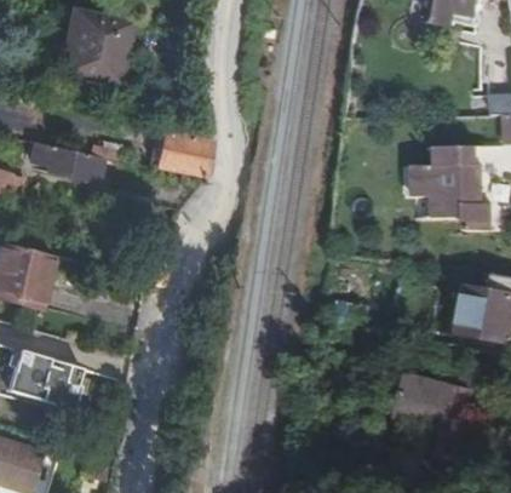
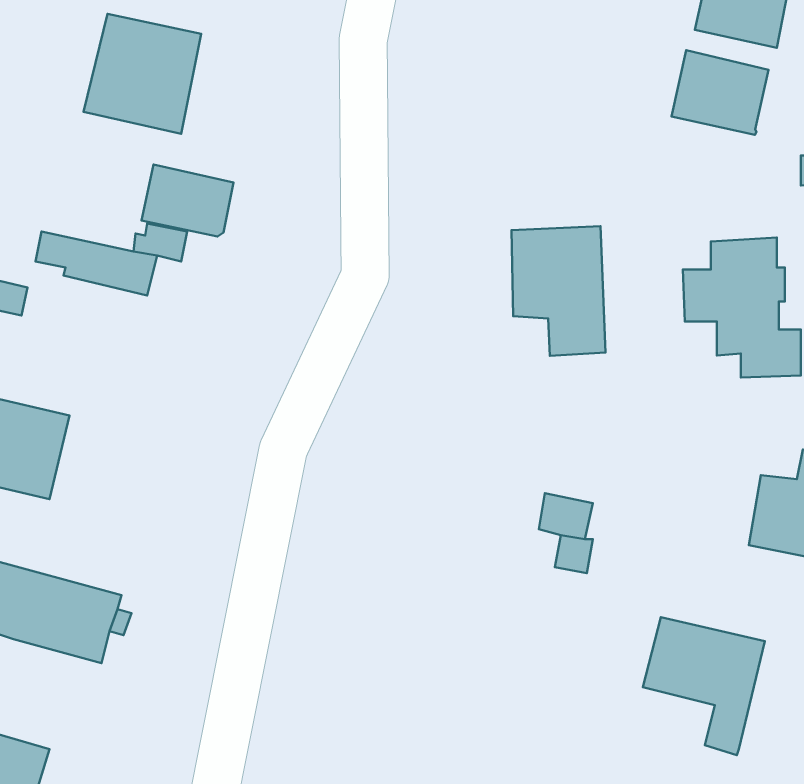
building: none -> [671,50,769,135]
building: [155,131,211,174] -> [141,165,233,236]
building: none -> [511,226,605,356]

